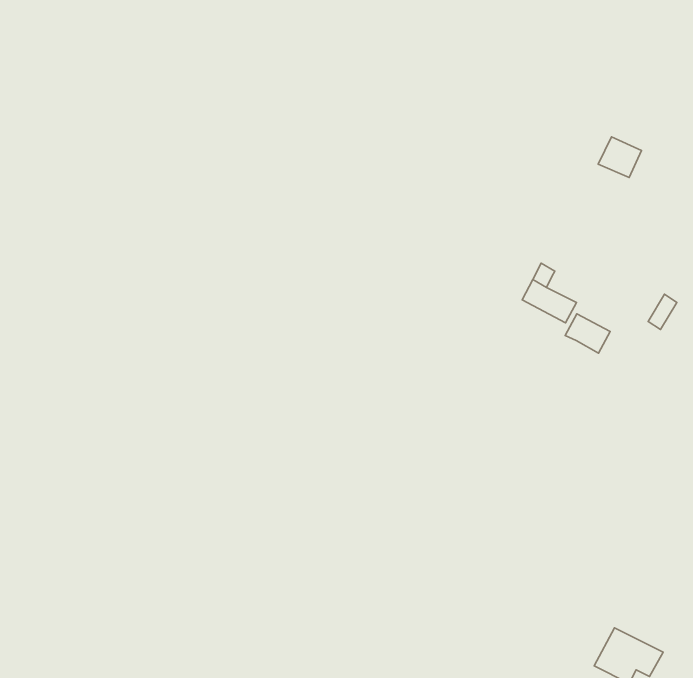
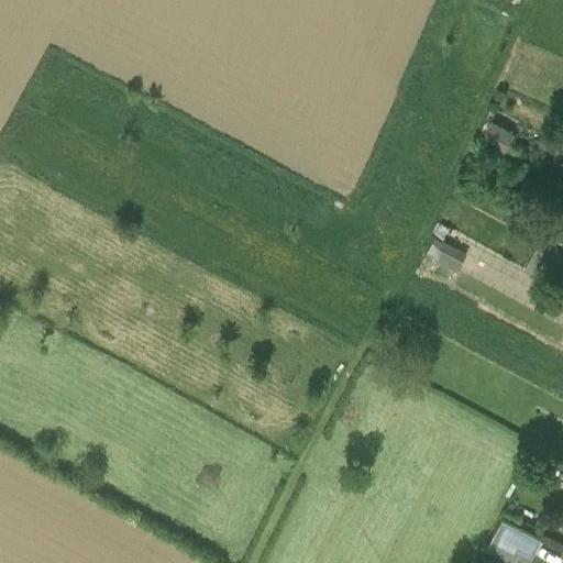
building: [565,314,610,353] -> none

